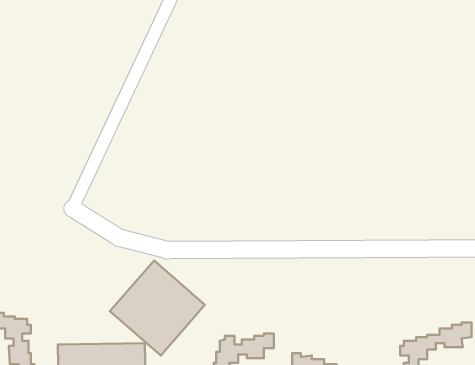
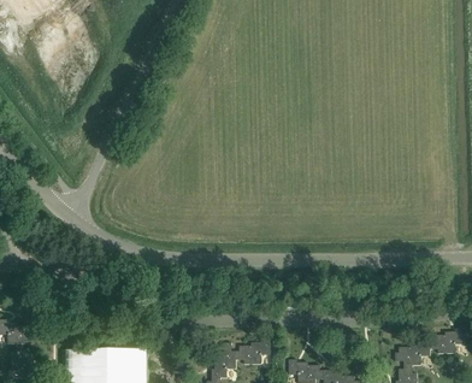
building: [110,261,205,356] -> none

